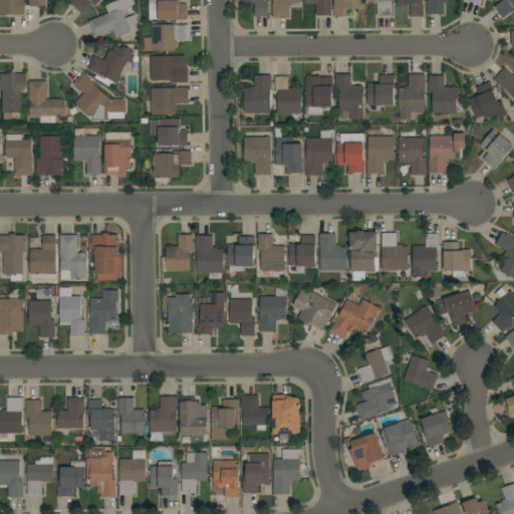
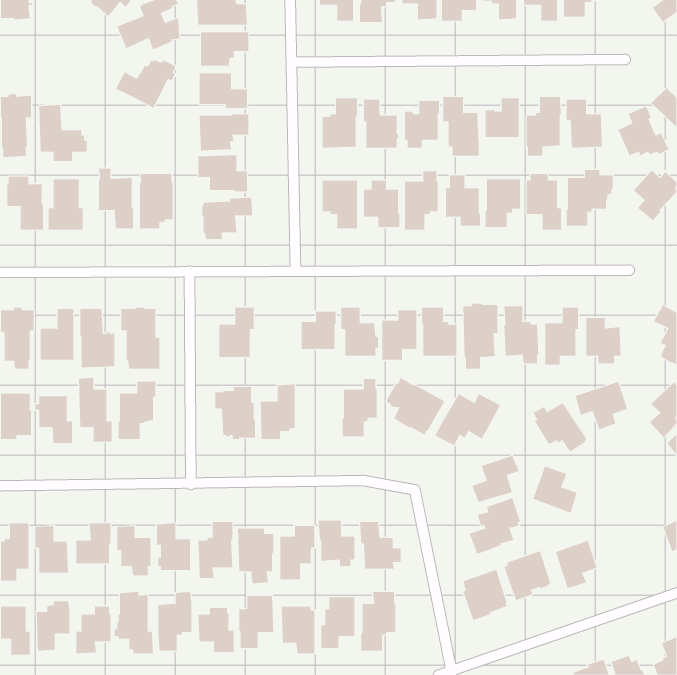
building: [73,72,124,118] -> none
building: [196,235,223,272] -> none
building: [230,298,255,335] -> none

